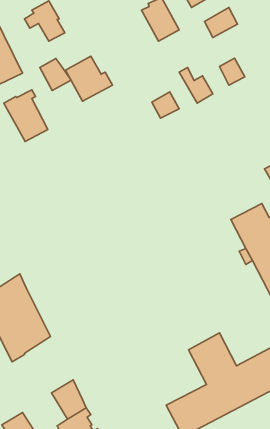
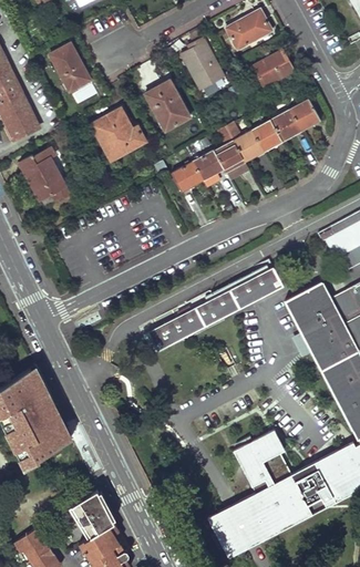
building: none -> [145,81,188,131]
building: none -> [289,100,320,132]
building: [40,59,71,90] -> none
building: none -> [251,120,282,152]
building: none -> [214,126,245,173]
building: none -> [169,162,202,193]
building: none -> [148,268,282,351]

